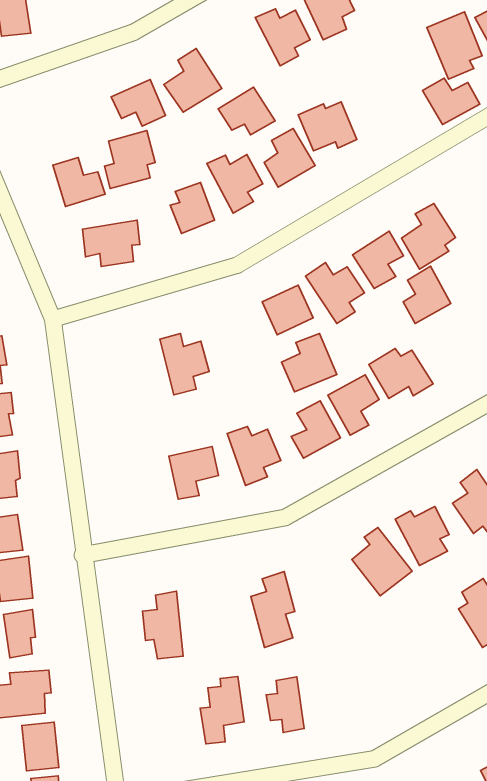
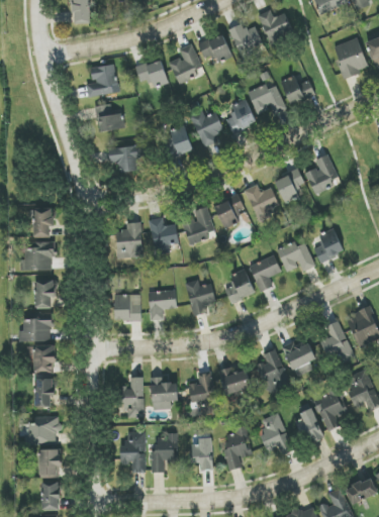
building: [423,78,480,124] -> [280,76,314,104]
building: [218,87,275,135] -> [198,33,232,63]
building: [105,131,155,189] -> [86,64,117,97]
building: [403,266,451,324] -> [314,228,344,263]
building: [281,334,337,392] -> [182,207,215,241]
building: none -> [116,222,143,258]
building: none -> [114,294,141,321]
building: none -> [218,367,251,395]
building: none -> [152,377,178,410]
building: none -> [295,403,324,444]
building: none -> [262,413,288,455]
building: none -> [222,426,251,471]
building: none -> [119,432,146,473]

